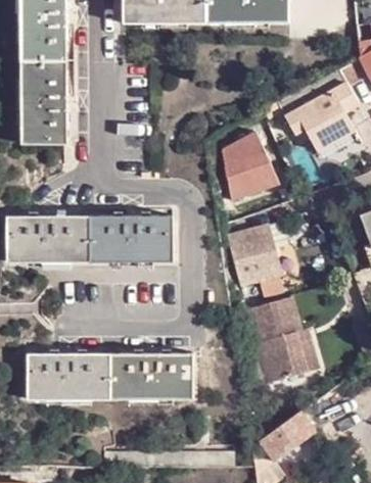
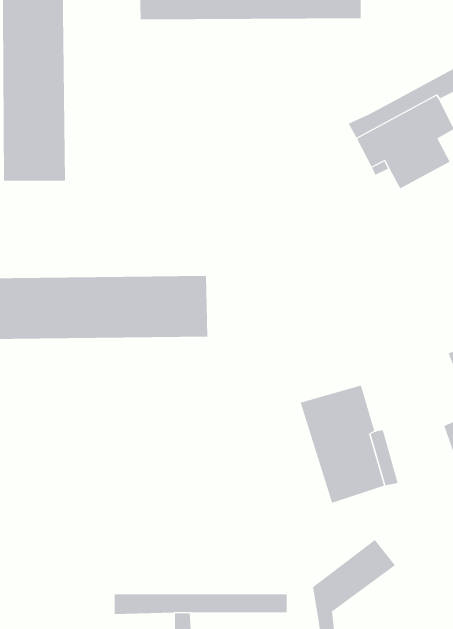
building: [220,125,280,199] -> none
building: [227,227,284,300] -> none
building: [28,351,194,399] -> none

